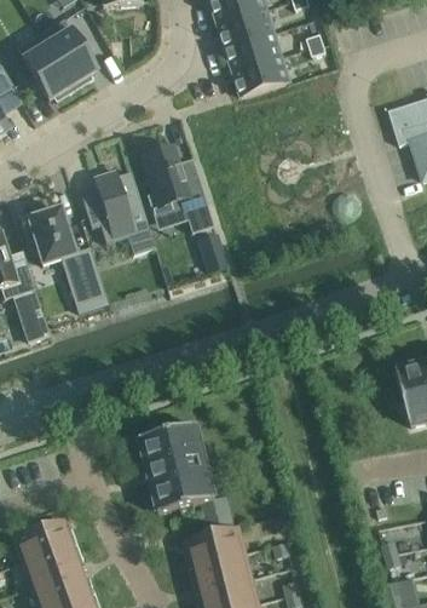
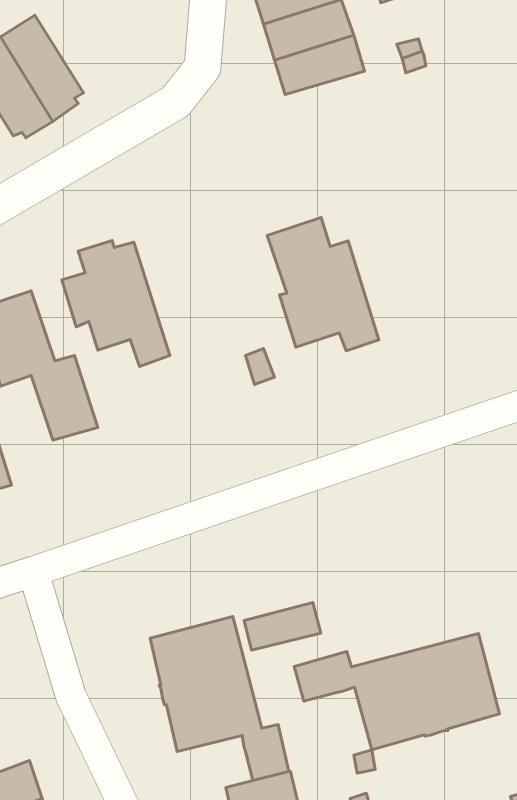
building: [231,55,293,97] -> none
building: [138,142,213,231] -> [267,218,379,351]
building: none -> [244,602,321,650]
building: none -> [294,633,500,750]

